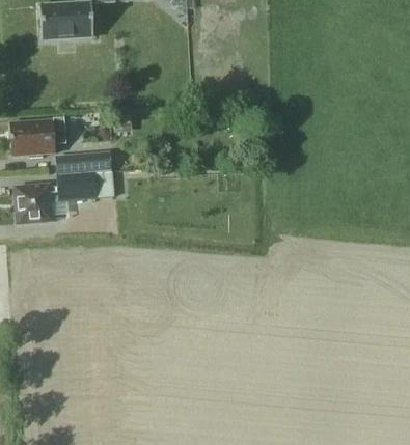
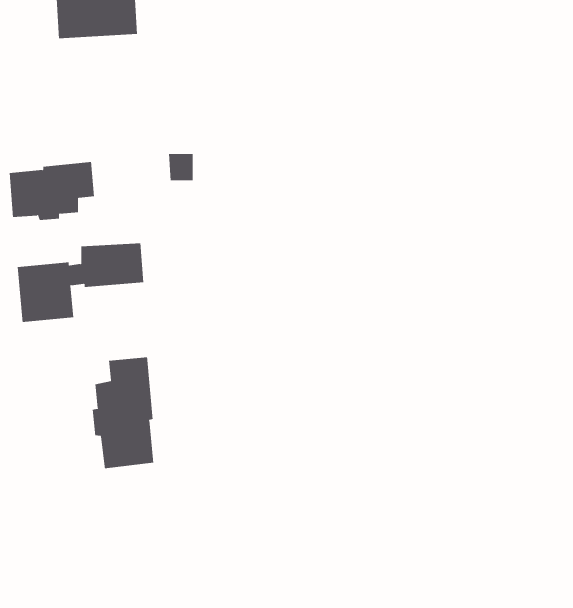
building: [55,149,111,173] -> none
building: none -> [92,356,154,469]

